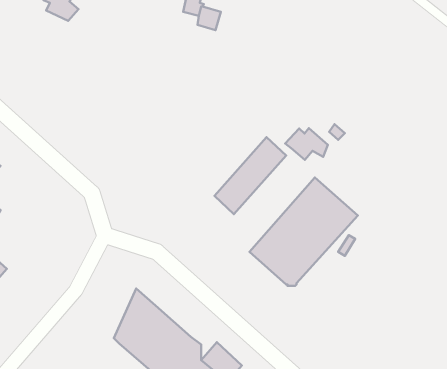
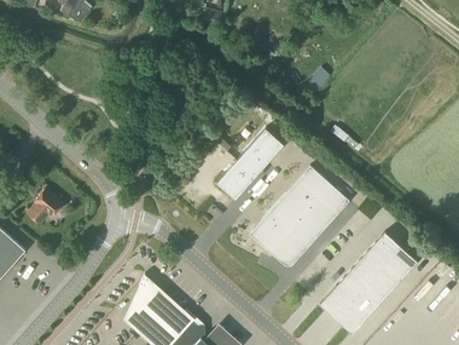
building: [285,128,328,160] -> none
building: none -> [27,189,63,224]
building: none -> [319,232,417,334]

